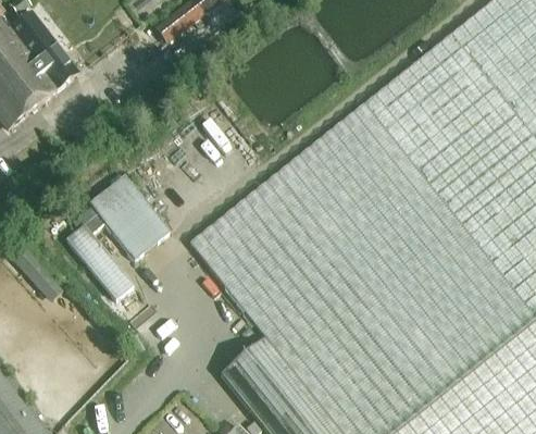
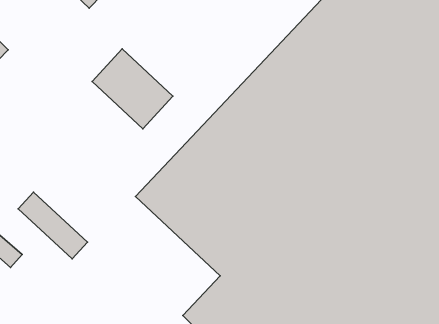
building: [88,174,170,260] -> [92,49,173,129]

